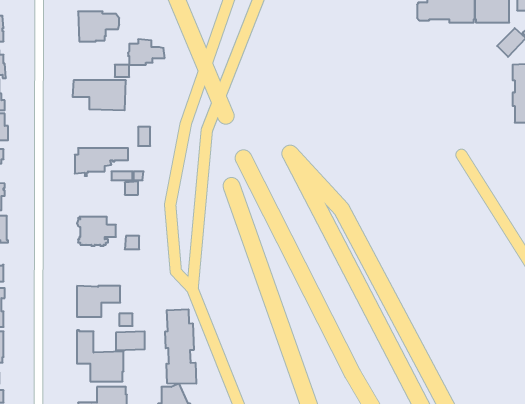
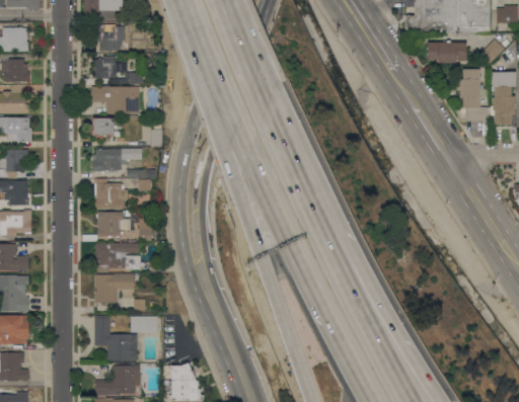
building: none -> [427,41,465,62]
building: [128,39,165,65] -> [93,55,127,78]
building: none -> [459,69,488,120]
building: none -> [92,117,113,139]
building: none -> [94,178,127,208]
building: none -> [95,242,140,271]
building: [165,309,196,384] -> none

